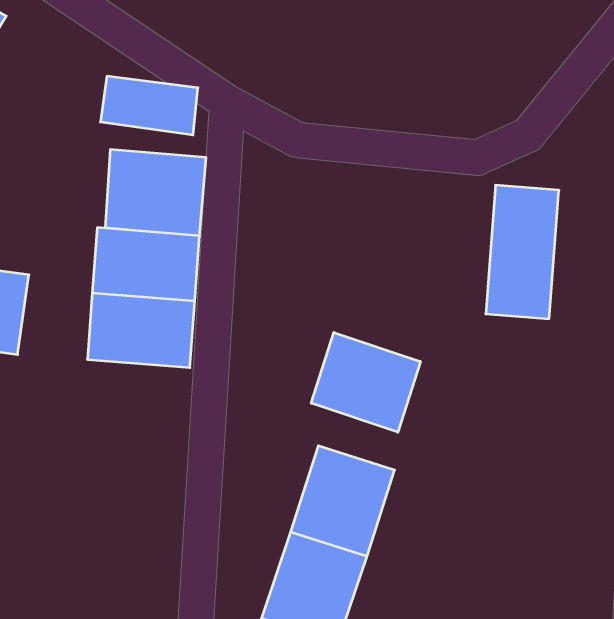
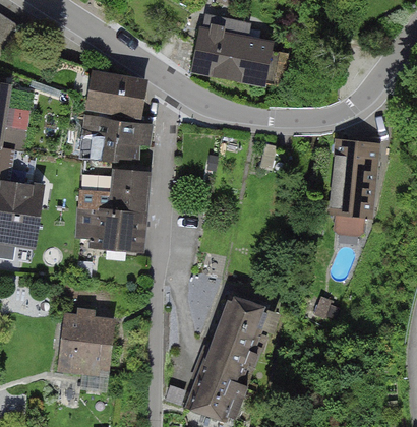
building: none -> [185,28,274,85]
building: [311,332,420,432] -> none
building: none -> [58,319,116,373]

